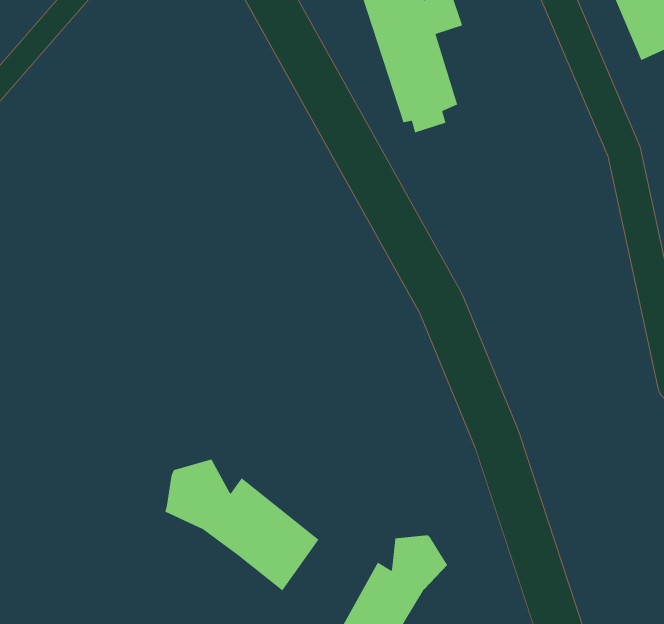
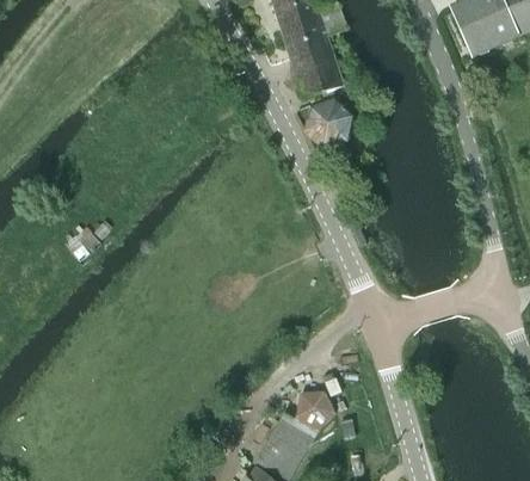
building: none -> [304,99,351,148]
building: [165,458,320,591] -> none

